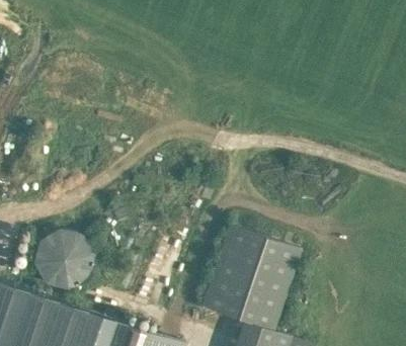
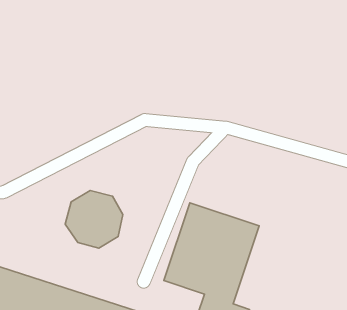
building: [33,229,94,289] -> [65,190,123,248]

